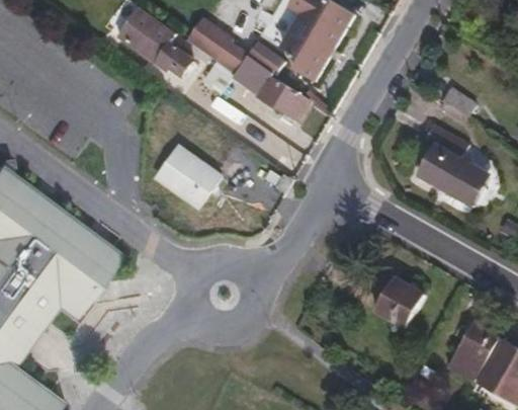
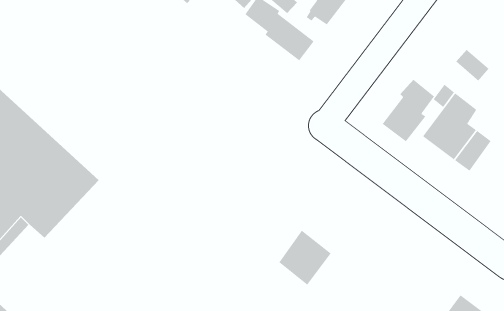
building: none -> [382,79,435,142]
building: [156,147,220,206] -> none
building: [374,276,424,329] -> [278,230,331,286]

